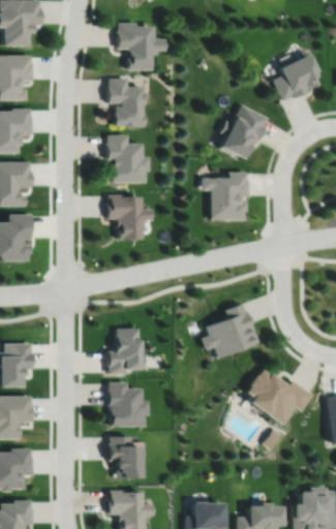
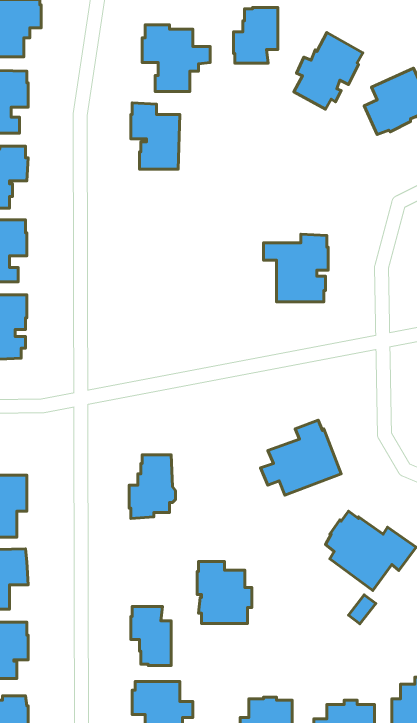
building: none -> [233,7,278,63]
building: [219,103,269,158] -> [294,33,363,109]
building: [105,134,146,182] -> none
building: [105,195,149,241] -> none
building: [105,383,145,428] -> [197,561,252,623]

